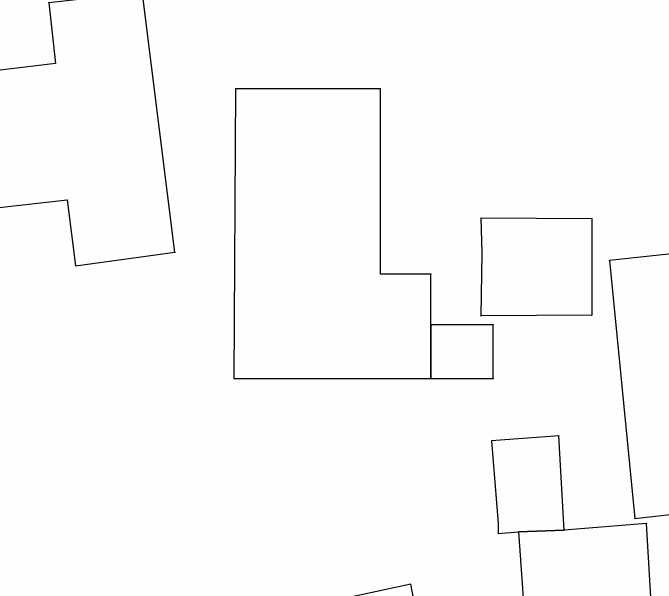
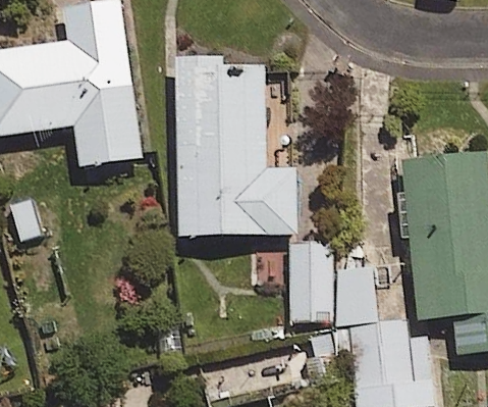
building: [481,218,592,316] -> none
building: none -> [288,242,336,323]

